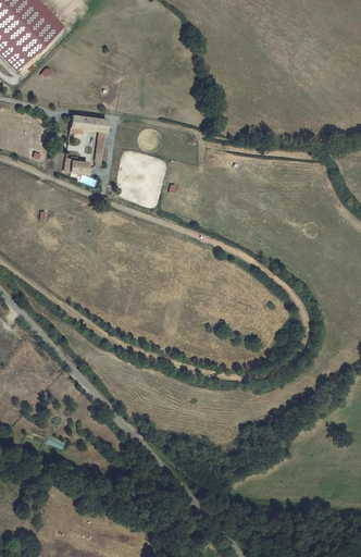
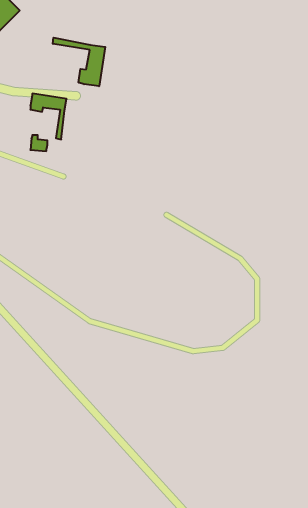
building: none -> [53,38,105,86]

